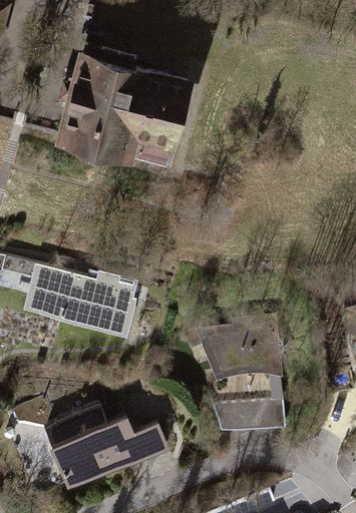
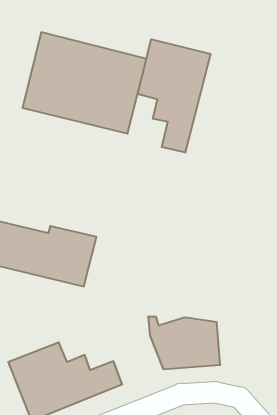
building: none -> [138,39,210,153]
building: [193,320,277,383] -> none

